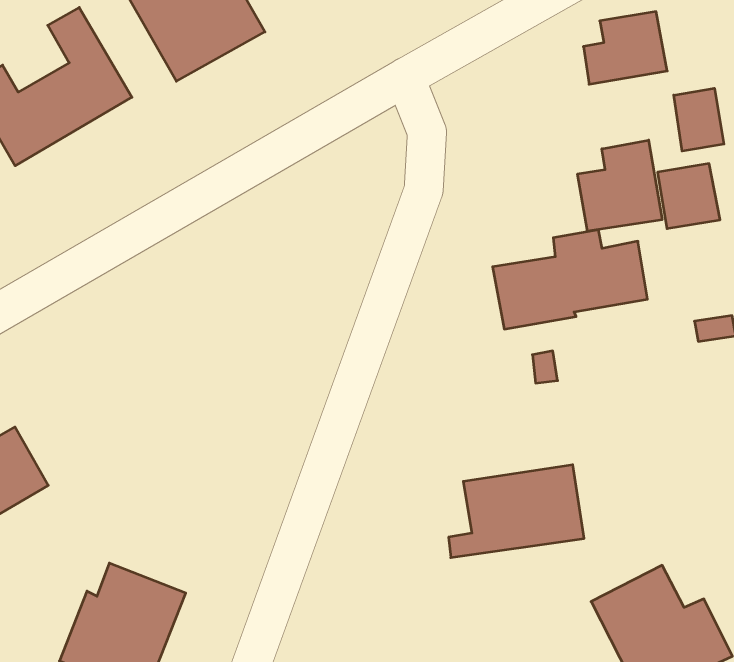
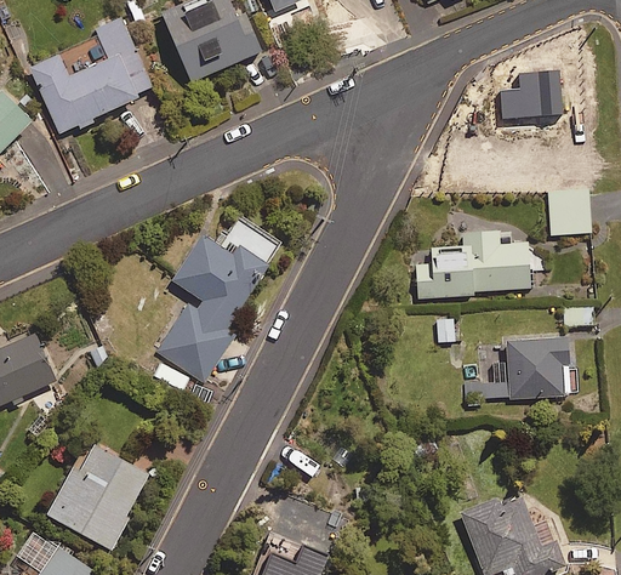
building: [674,88,724,151] -> none
building: [578,140,662,231] -> none
building: none -> [155,220,279,385]
building: [449,465,584,558] -> [466,338,569,399]

